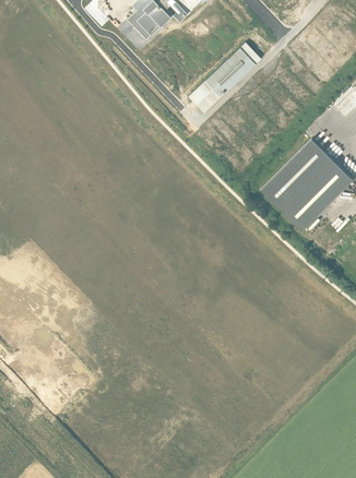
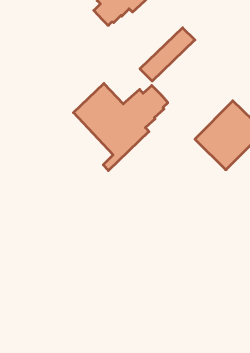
building: none -> [73,83,168,171]

